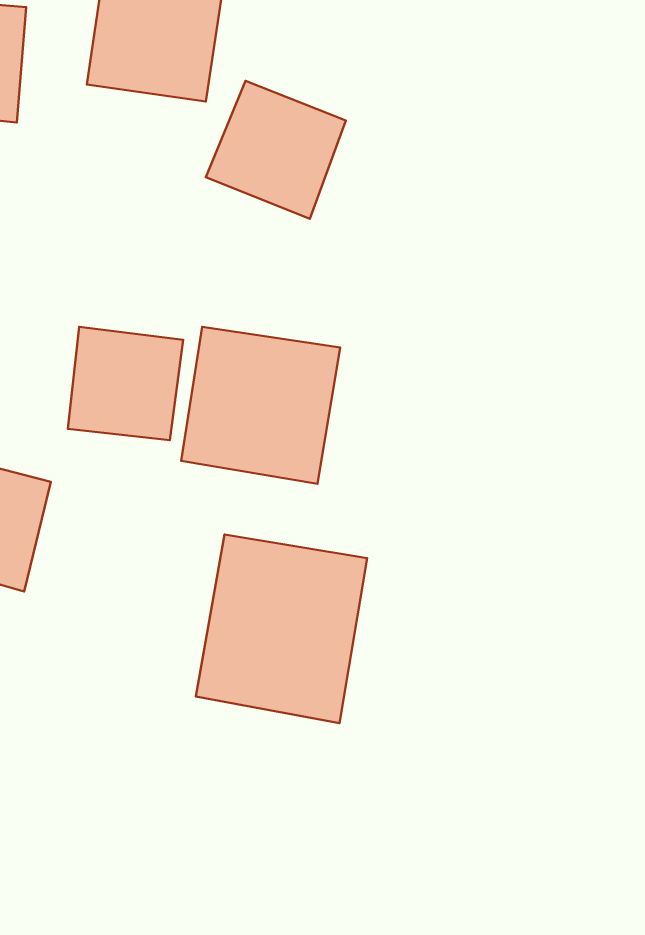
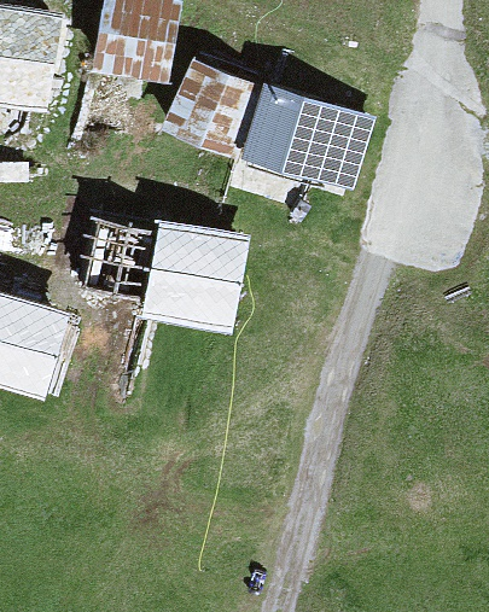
building: none -> [243,92,372,194]
building: [196,535,367,723] -> none

